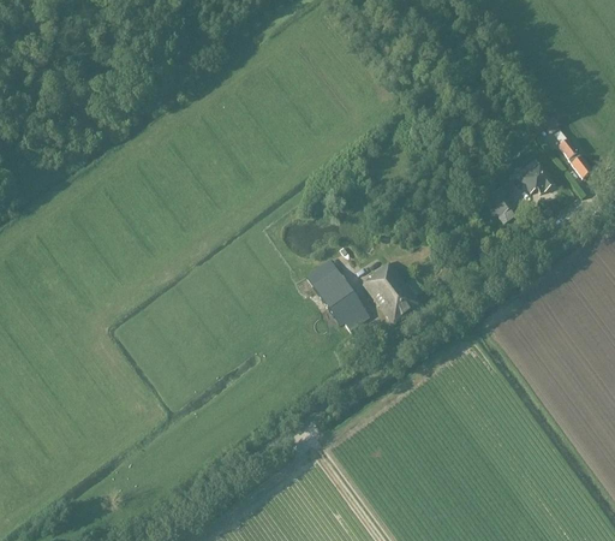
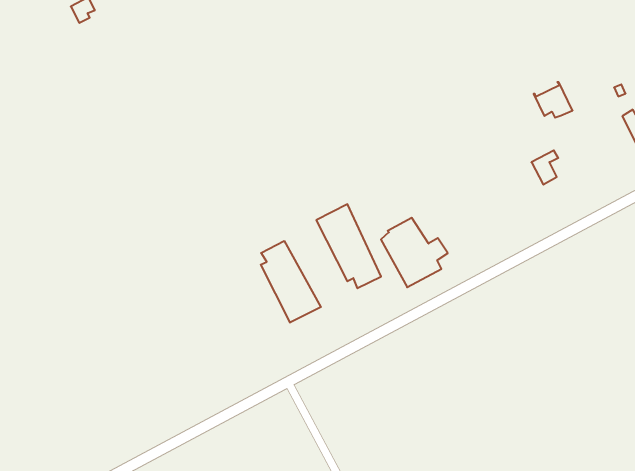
building: [517,161,553,192] -> [534,82,573,118]
building: none -> [261,241,321,323]

